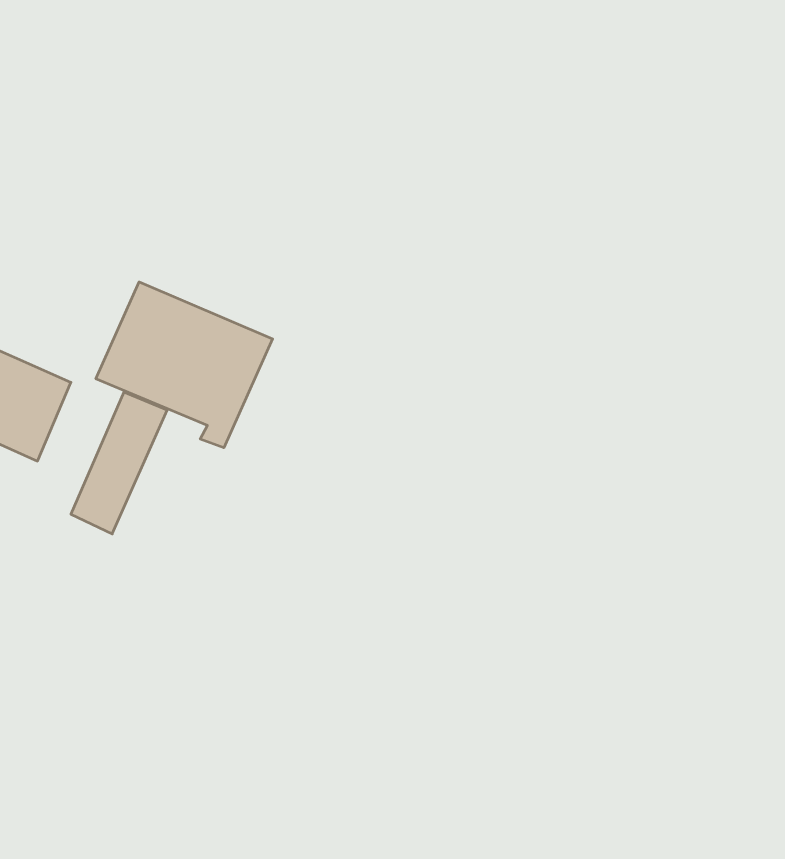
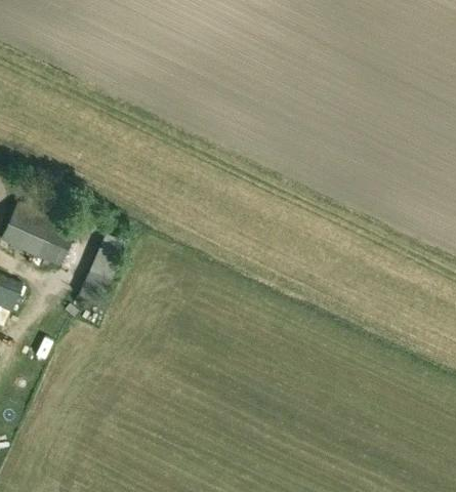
building: [96,282,273,448] -> none

